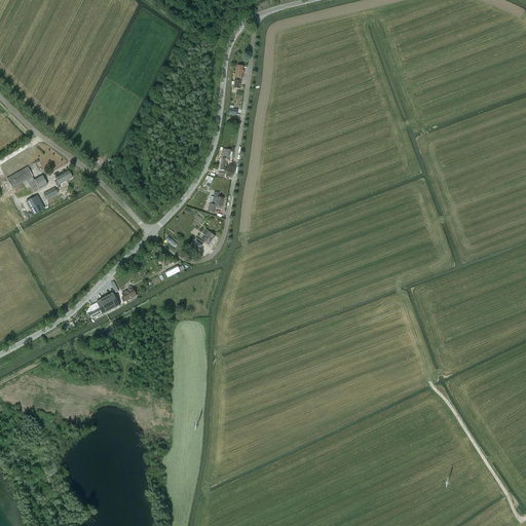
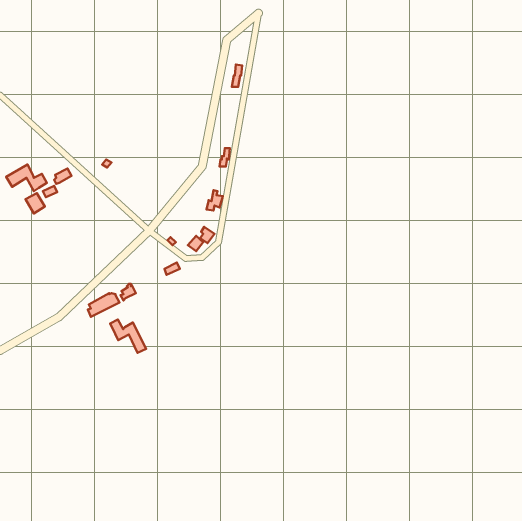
building: none -> [110,320,146,353]

